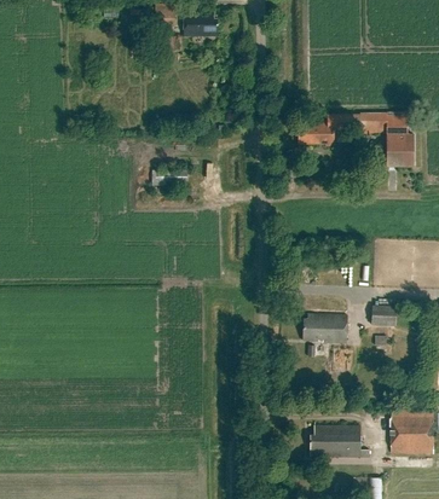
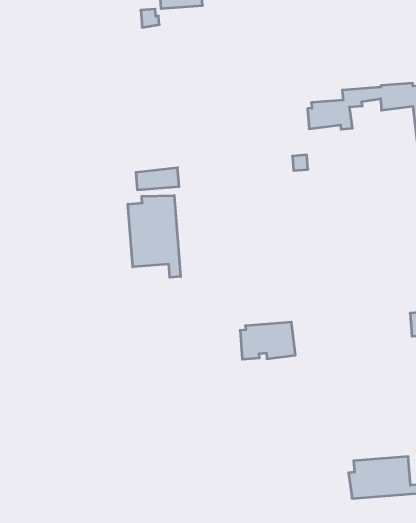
building: none -> [128,195,181,277]
building: [302,315,347,344] -> [240,322,295,359]

